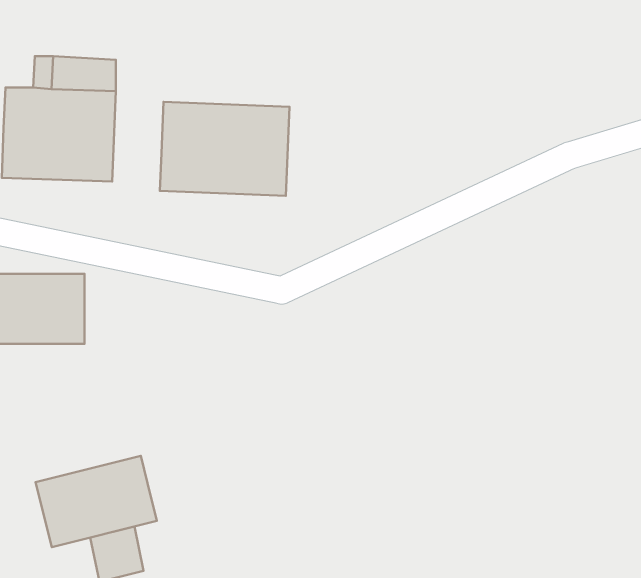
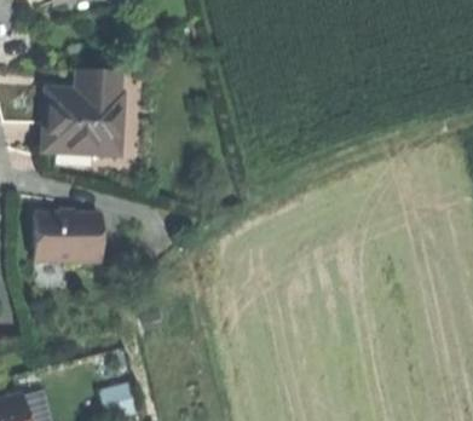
building: [160,102,290,196] -> none
building: [35,456,157,547] -> none

